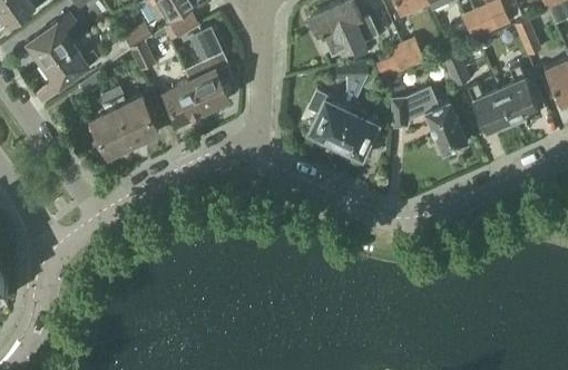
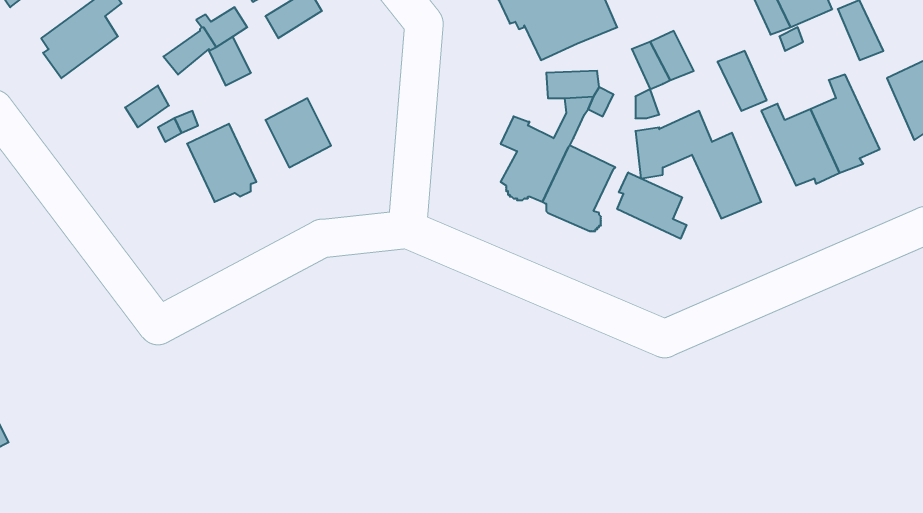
building: [187,28,229,109] -> none
building: [40,42,100,87] -> none
building: [90,108,134,156] -> none
building: none -> [617,172,687,239]

